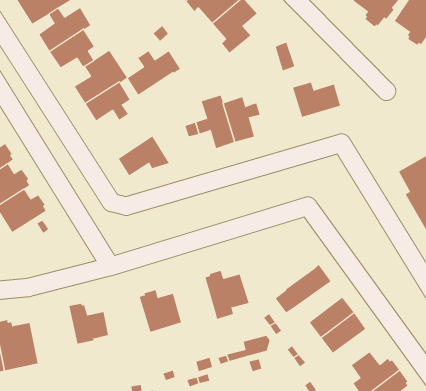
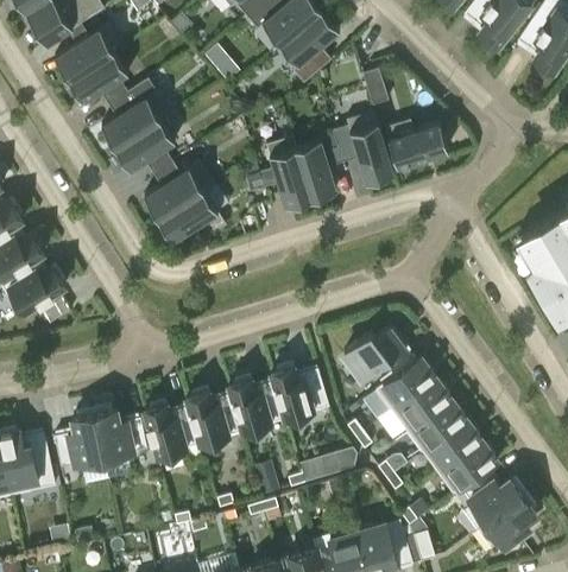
building: [127,51,181,95] -> [144,161,214,220]
building: none -> [333,110,393,182]
building: none -> [343,328,414,380]
building: none -> [228,376,284,438]
building: none -> [378,379,450,440]
building: none -> [144,401,200,465]
building: none -> [53,411,108,485]
building: none -> [437,440,497,495]

